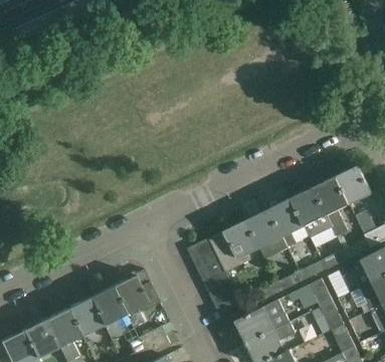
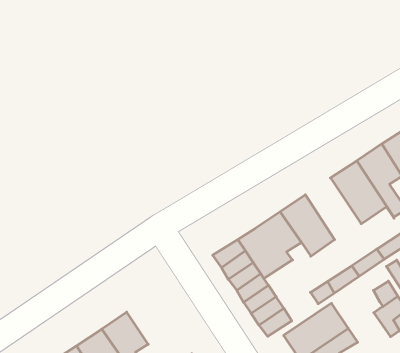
building: [268,198,305,248] -> none
building: [112,268,159,314] -> none

